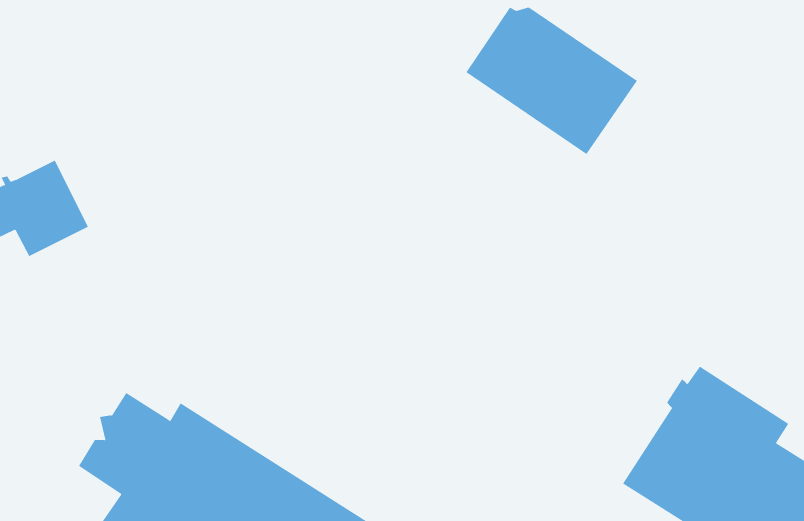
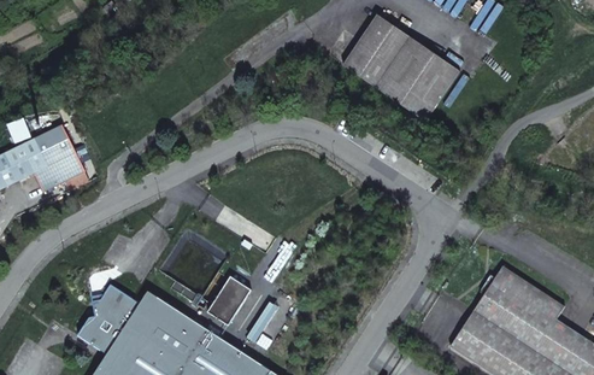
building: none -> [207,277,251,326]

